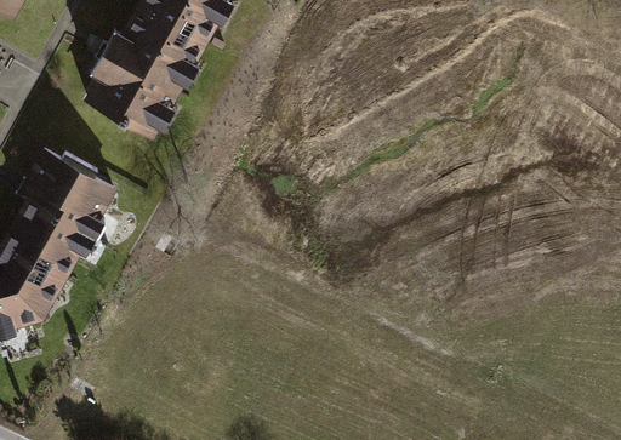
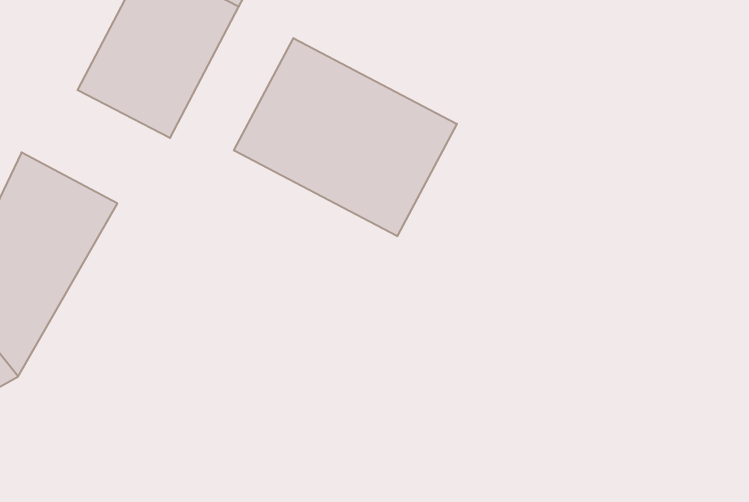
building: none -> [234,38,457,236]

